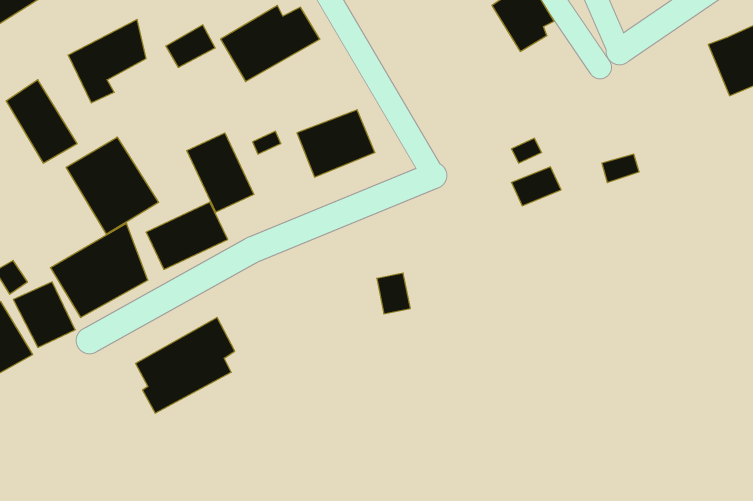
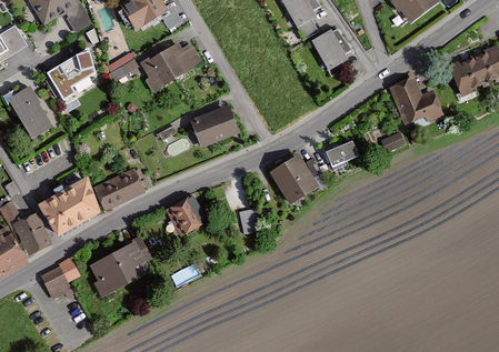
building: none -> [389,79,441,125]
building: [187,133,254,212] -> none
building: [66,137,159,234] -> none
building: none -> [268,155,316,204]
building: none -> [166,194,204,238]
building: none -> [42,259,79,299]

